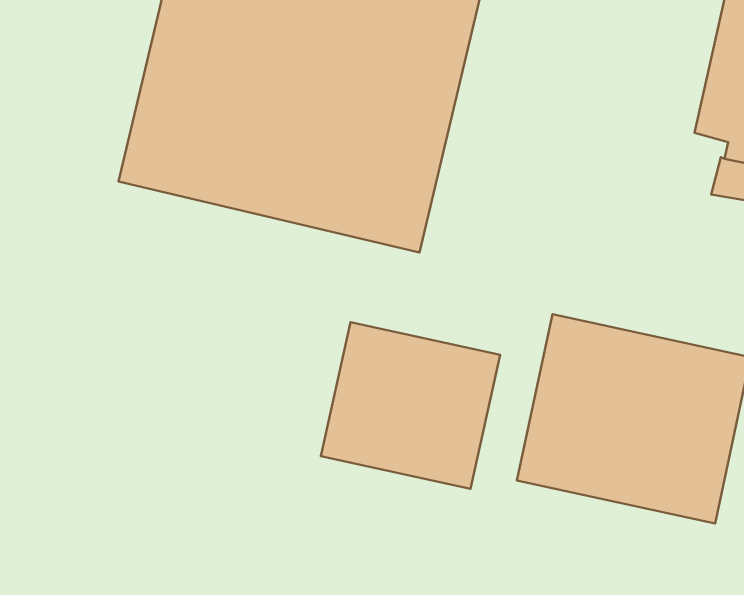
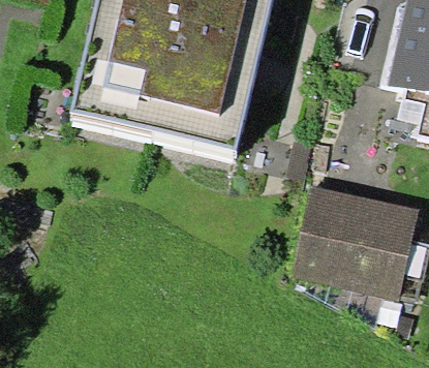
building: [321,322,500,489] -> none

